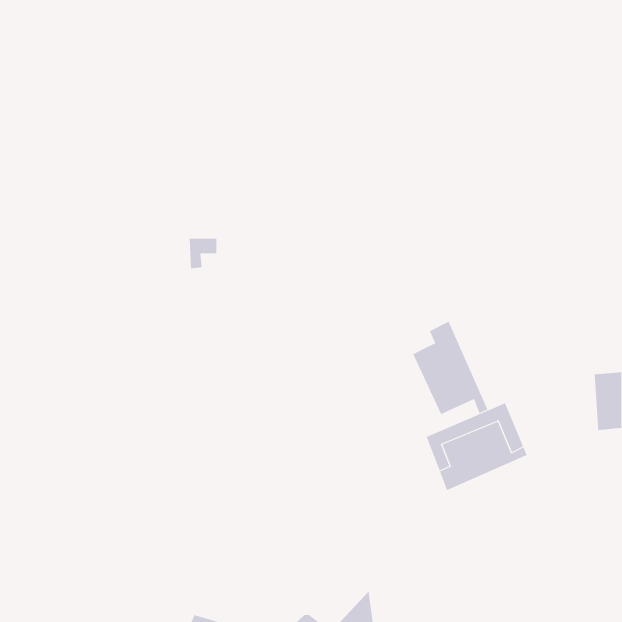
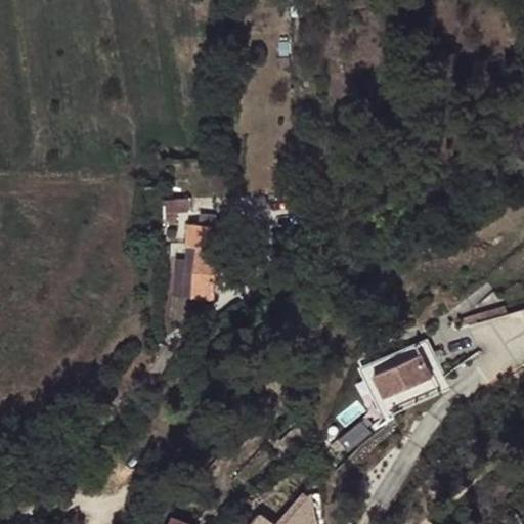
building: none -> [180,224,215,303]
building: [412,321,488,415] -> none

